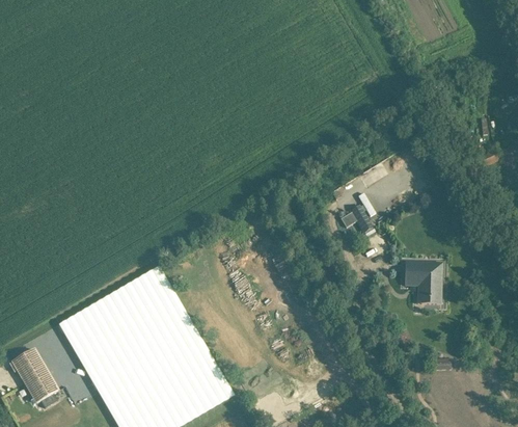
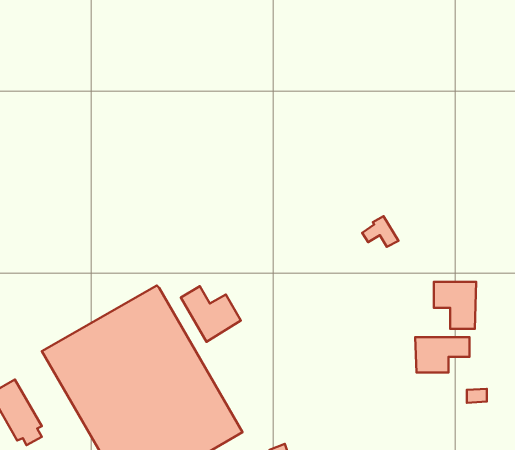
building: none -> [181,286,241,342]
building: none -> [415,337,470,373]

